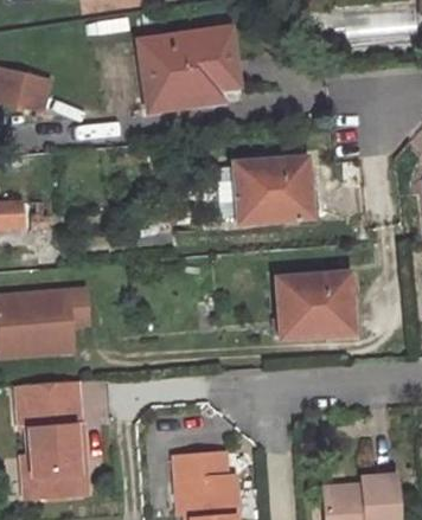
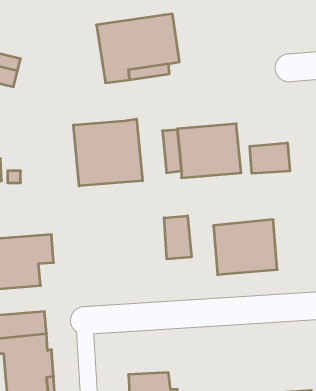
building: none -> [73,119,142,186]
building: none -> [250,143,290,173]
building: none -> [164,216,191,259]

